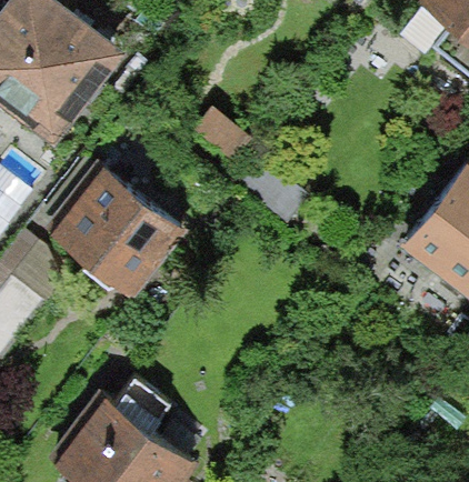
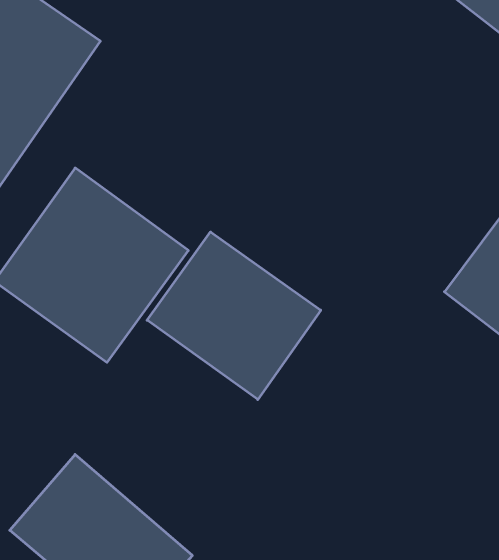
building: none -> [147,232,321,400]

